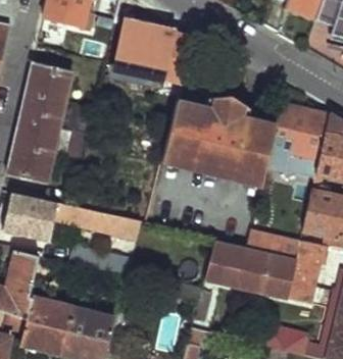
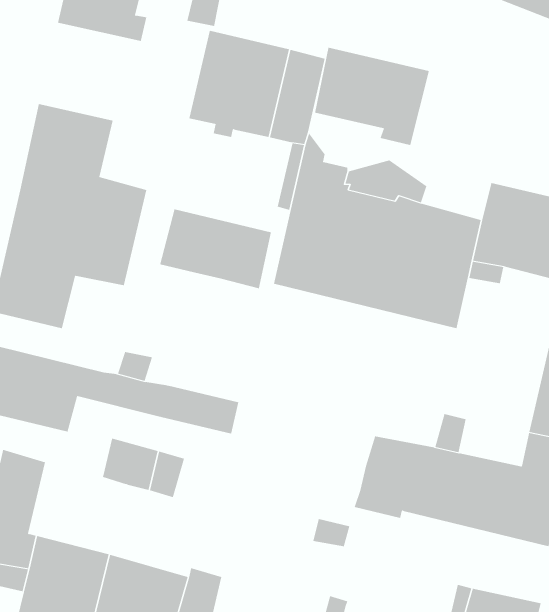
building: none -> [315,47,429,146]
building: none -> [160,208,272,289]

